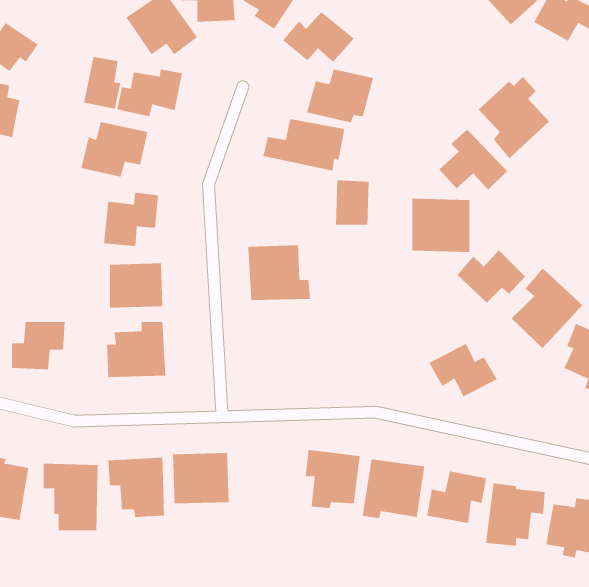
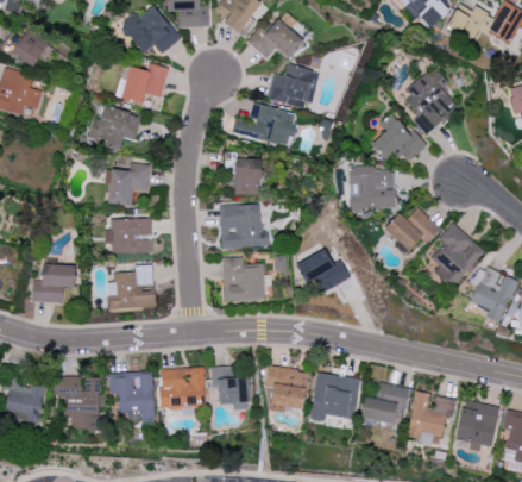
building: [83,56,121,109] -> none
building: [335,180,370,225] -> [234,158,262,194]
building: none -> [224,257,265,301]
building: [429,343,498,397] -> [296,249,351,292]
building: none -> [212,365,251,409]

